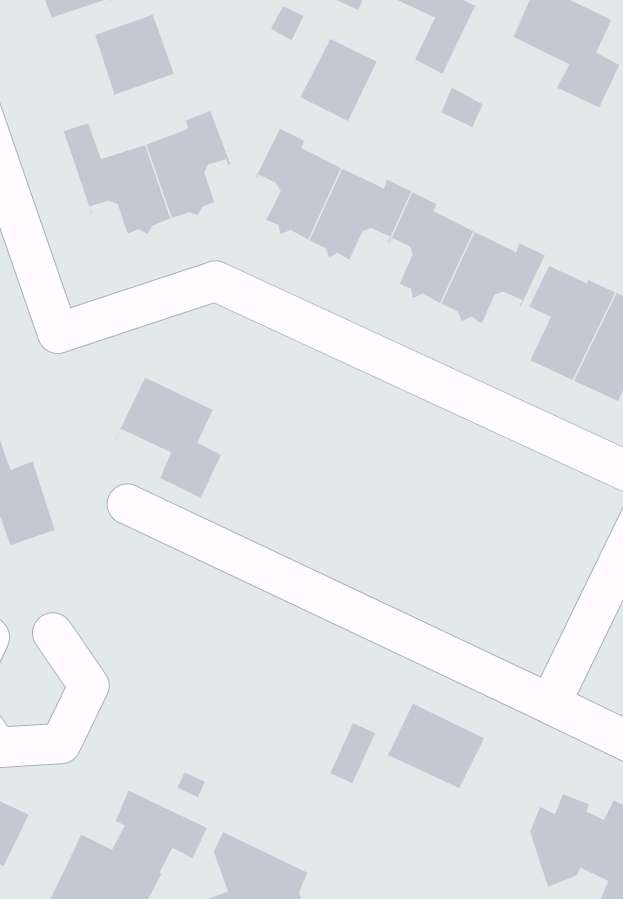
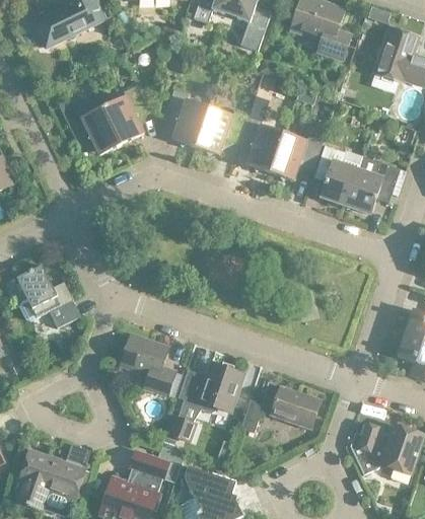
building: [95,14,175,95] -> none
building: [299,38,378,122] -> none
building: [114,377,222,498] -> [118,335,175,395]
building: none -> [171,362,249,440]

